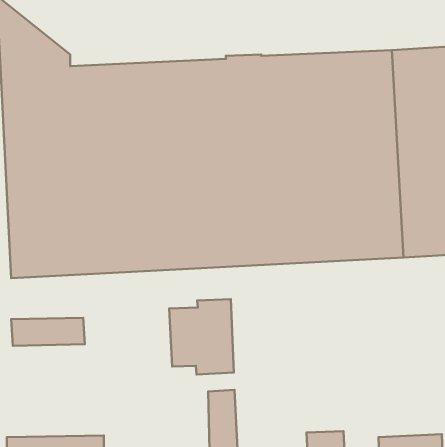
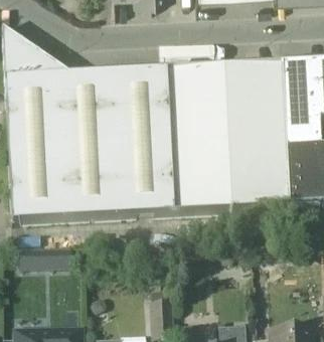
building: [169,299,234,374] -> none

